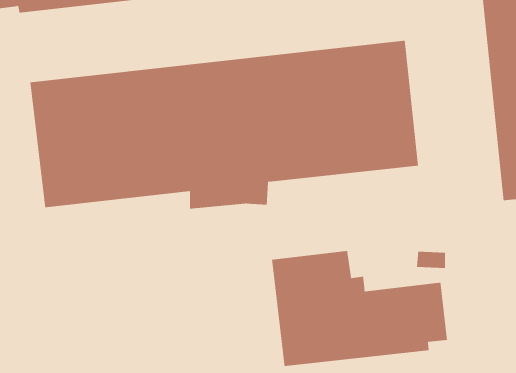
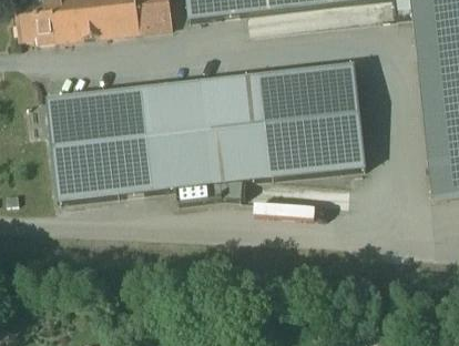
building: [271,250,448,367] -> none

